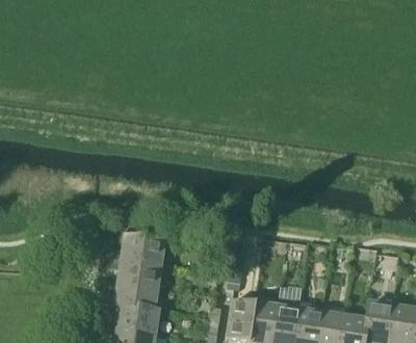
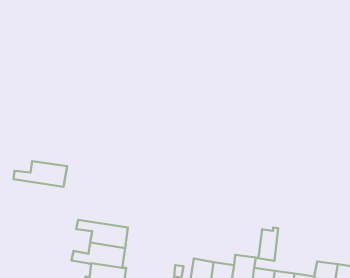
building: [106,236,165,264] -> [13,161,67,187]
building: none -> [258,228,278,261]

